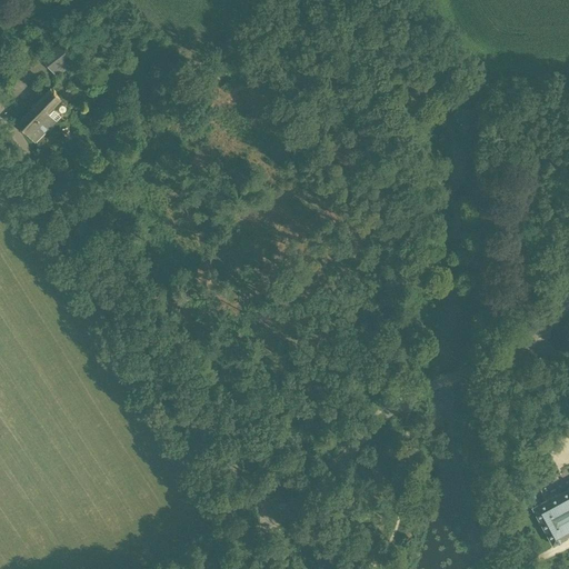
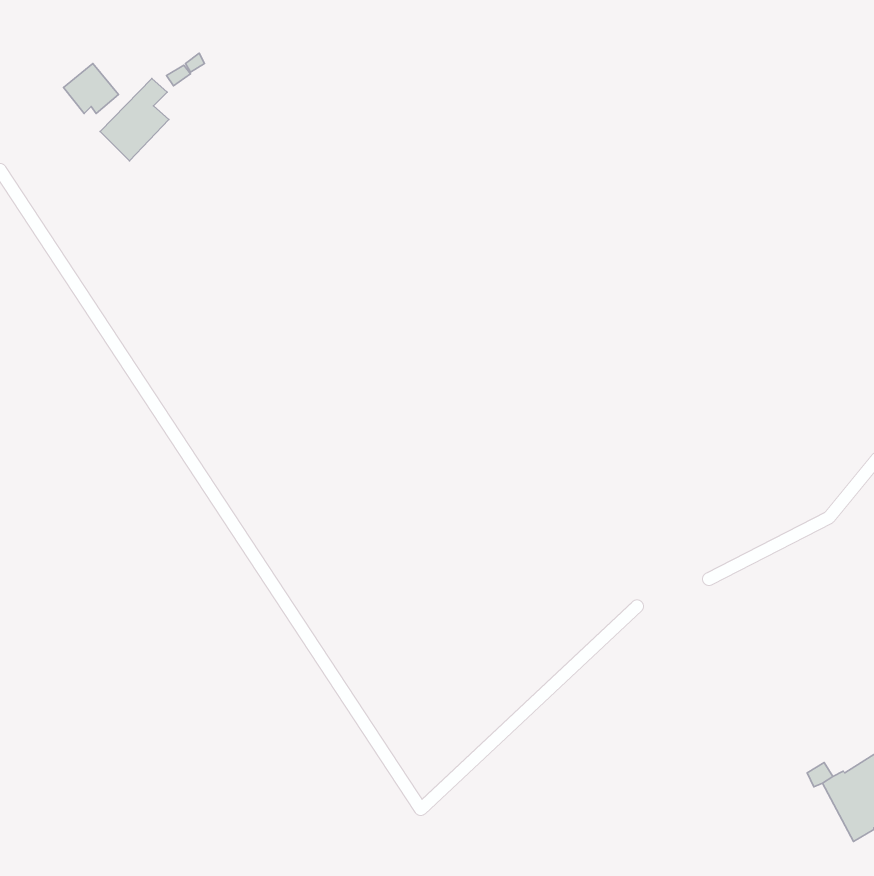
building: [19,90,63,143] -> [100,78,169,161]

